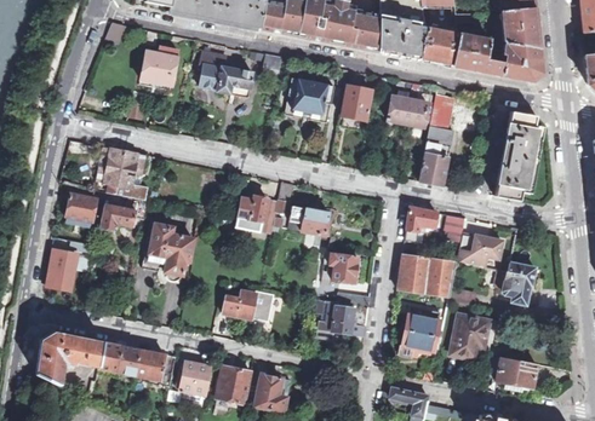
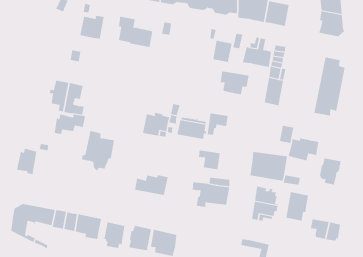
building: [452,33,505,75] -> none
building: [290,79,334,115] -> [220,71,250,95]
building: [65,191,97,227] -> none
building: [405,207,437,241] -> [207,113,228,135]

